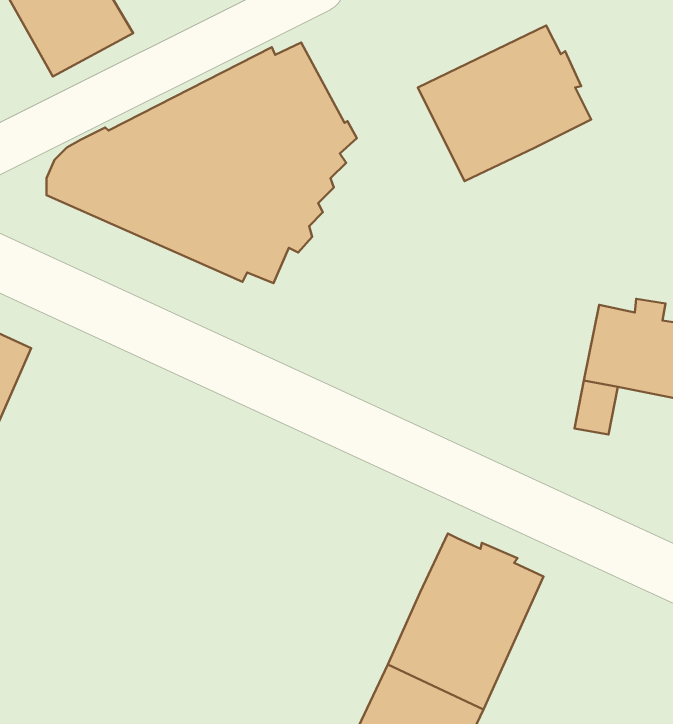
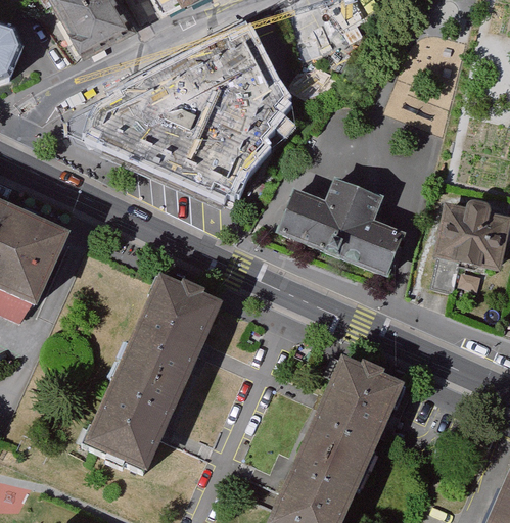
building: [418,26,591,181] -> none
building: none -> [276,175,406,275]
building: none -> [79,273,222,472]

